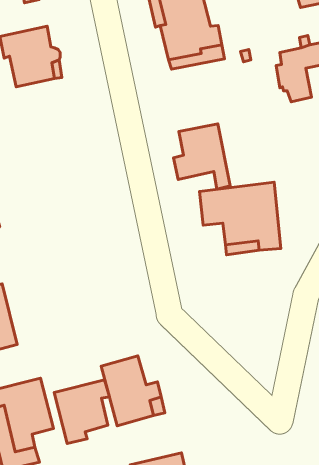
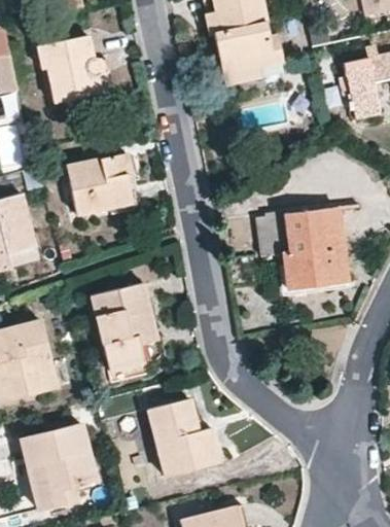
building: [174,124,230,189] -> none
building: none -> [68,153,133,215]
building: none -> [92,283,159,371]
building: [54,380,109,444] -> none

